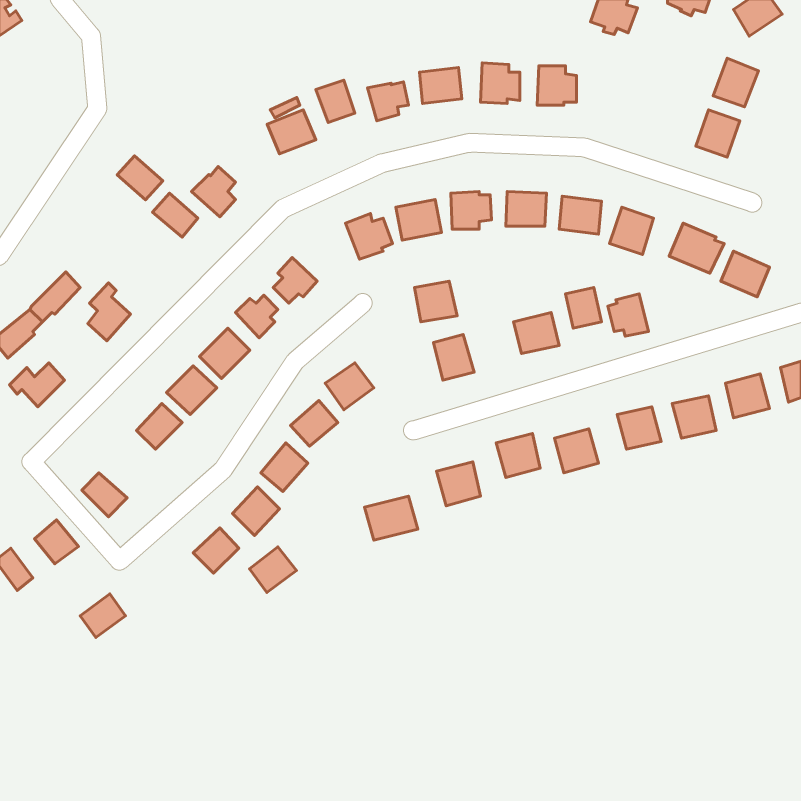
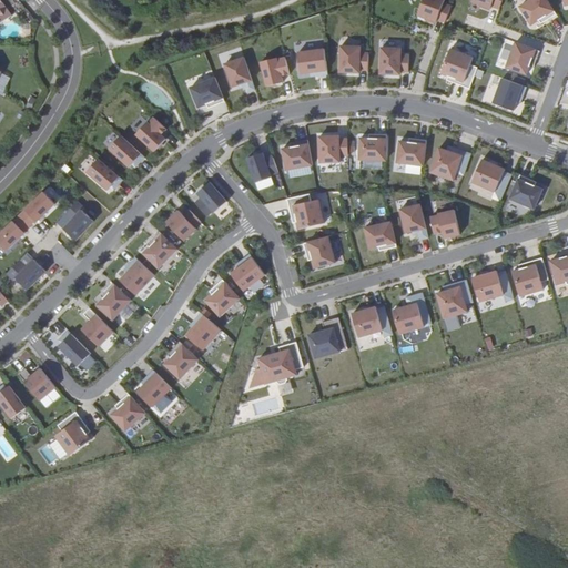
building: none -> [443,48,473,80]
building: [117,156,163,200] -> [87,159,119,190]
building: none -> [81,314,113,346]
building: [249,547,297,592] -> [111,396,144,428]

